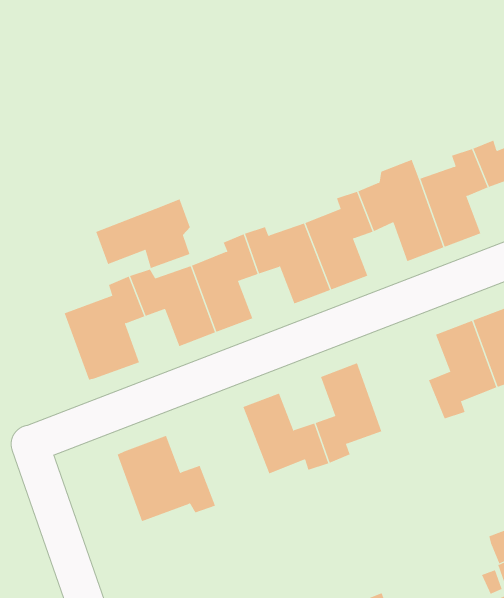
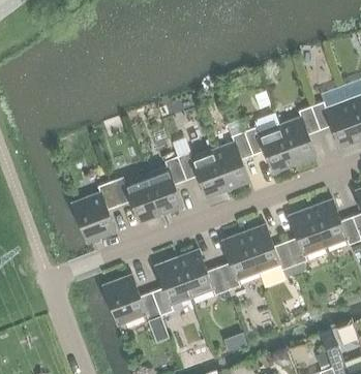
building: [95,199,190,269] -> none
building: none -> [243,223,294,272]
building: none -> [151,257,191,315]

